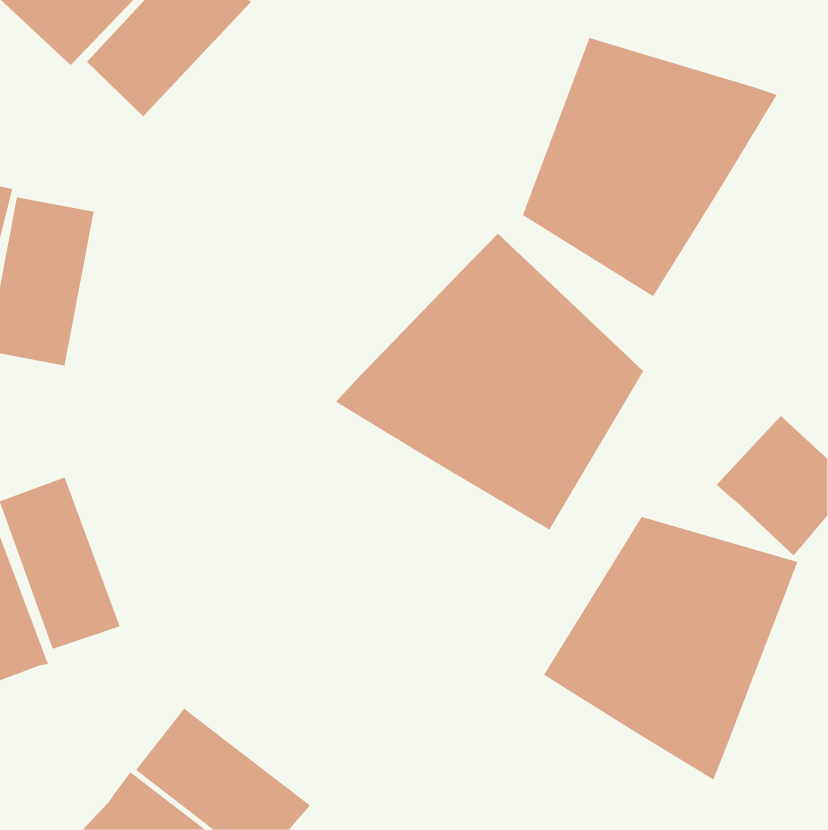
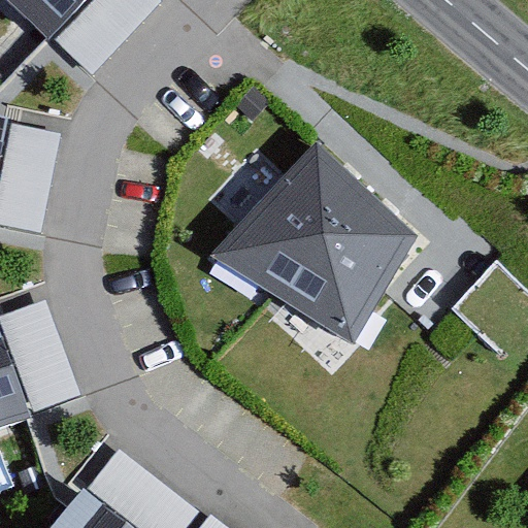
building: [522,37,778,297] -> none
building: [543,516,798,780] -> none

